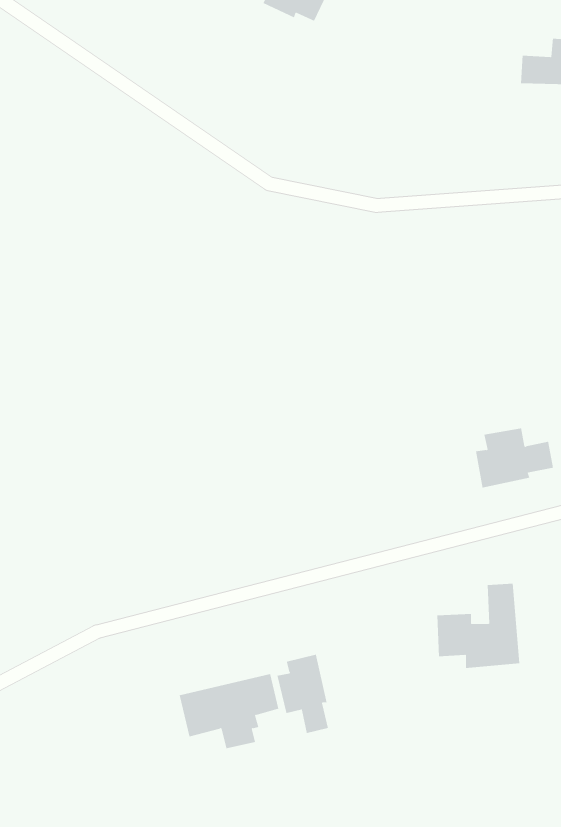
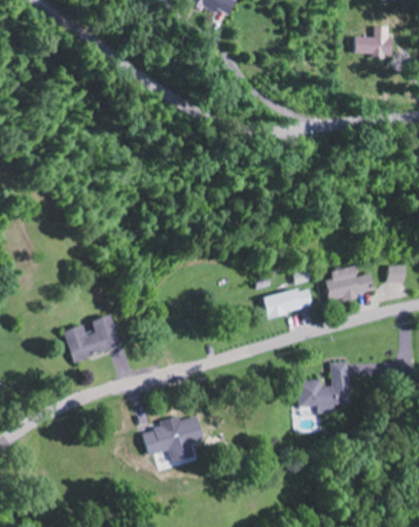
building: none -> [266,287,314,318]
building: none -> [64,315,119,361]
building: [277,654,328,734] -> none

